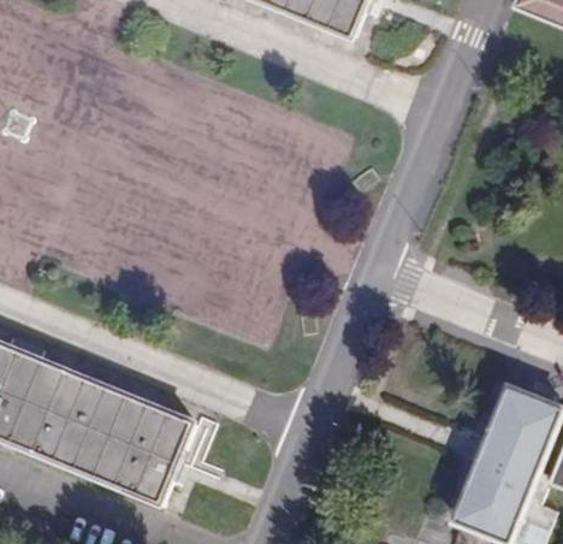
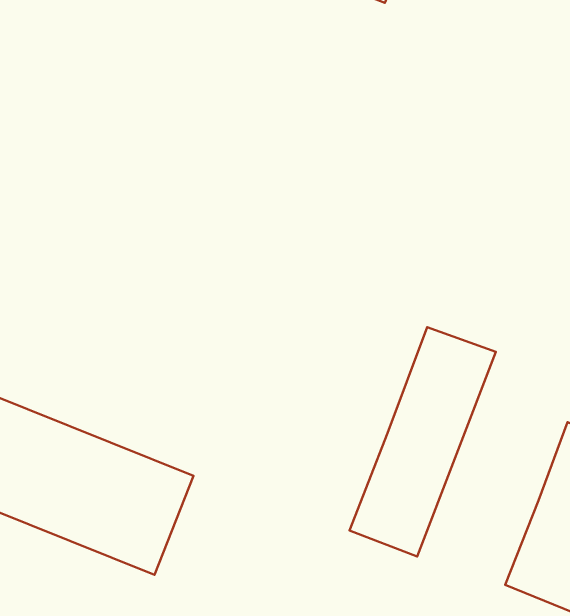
building: none -> [349,327,496,556]

